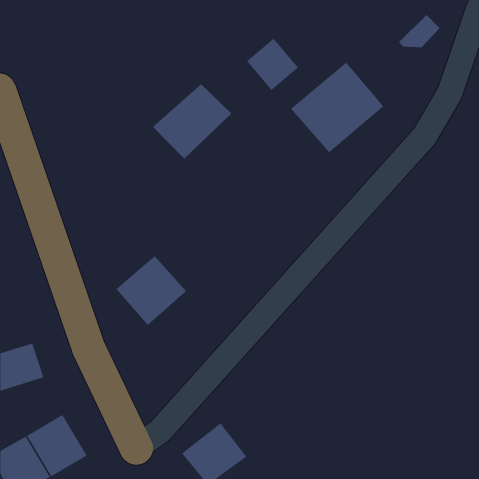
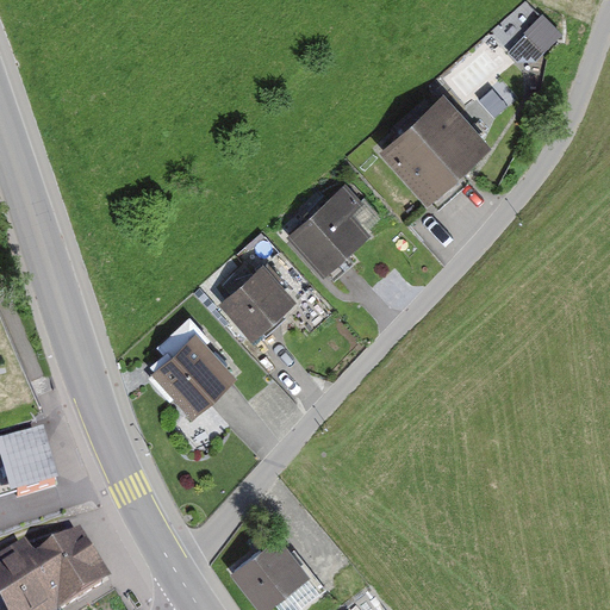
building: [246,38,299,91] -> none
building: [152,84,232,160] -> [284,185,385,281]
building: none -> [214,260,294,341]

